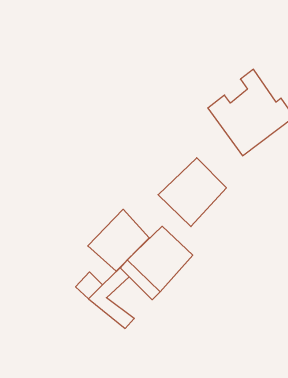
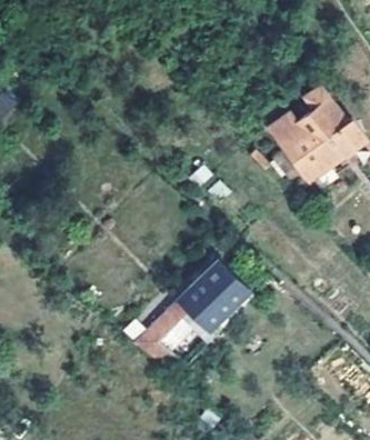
building: [158,158,226,227] -> none
building: [88,209,149,271] -> none

